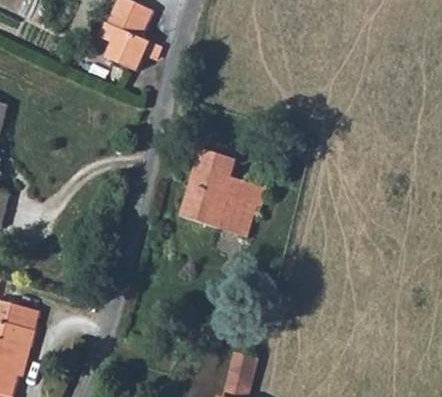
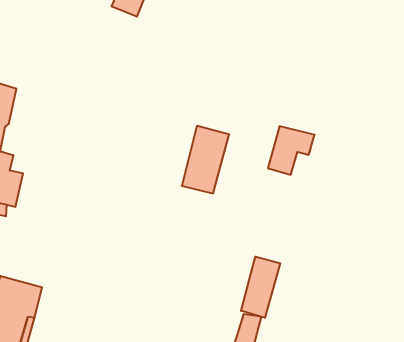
building: [107,27,164,69] -> none
building: [225,174,274,225] -> [268,126,315,175]
building: none -> [241,257,280,318]

